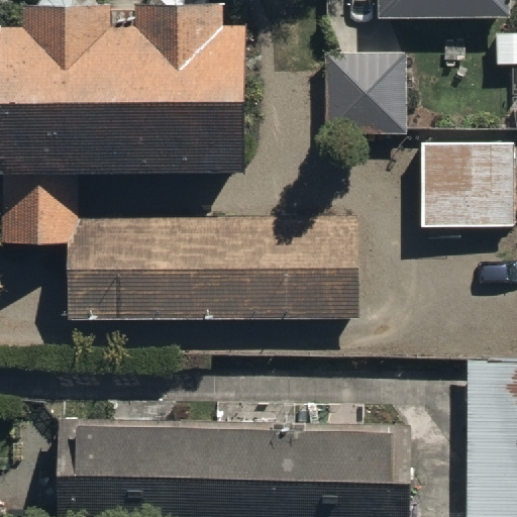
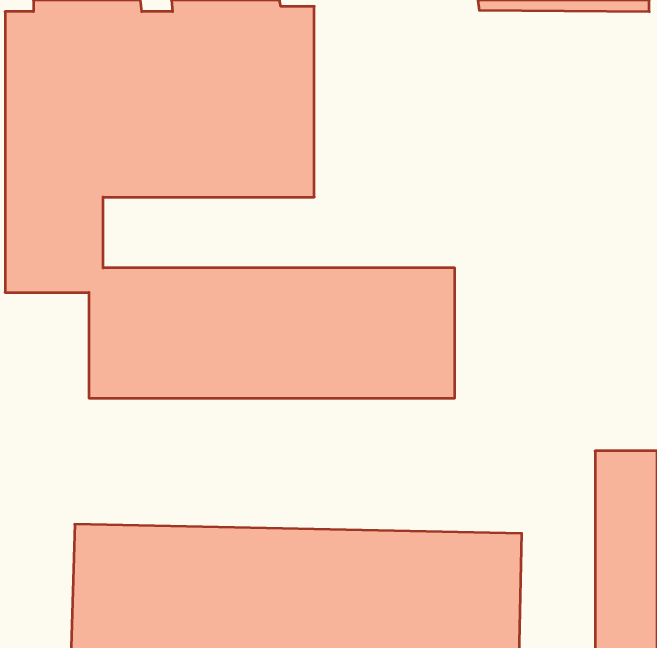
building: [324,56,406,137] -> none
building: [420,142,511,226] -> none

